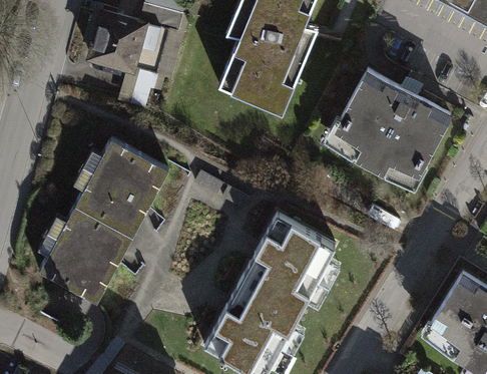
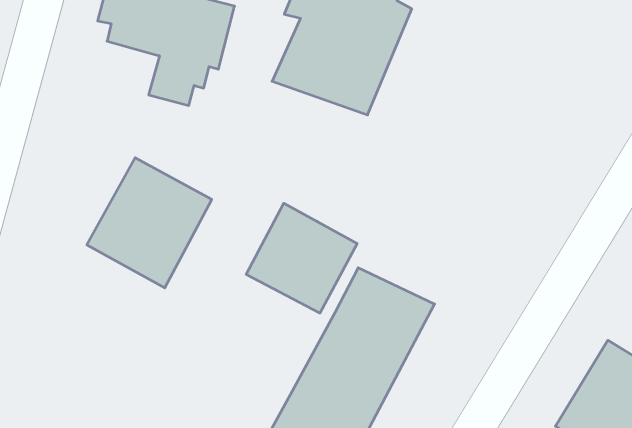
building: [331,69,447,177] -> none
building: none -> [246,203,357,313]
building: [40,204,133,301] -> none

